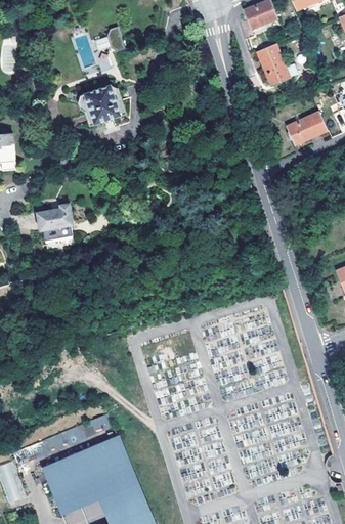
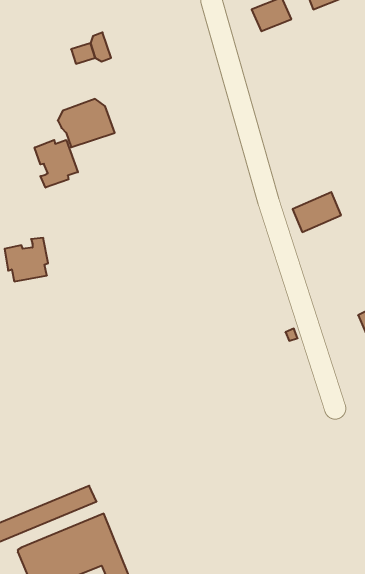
building: [257,43,298,85] -> none
building: [287,108,328,142] -> [293,192,341,232]
building: none -> [35,140,78,188]

